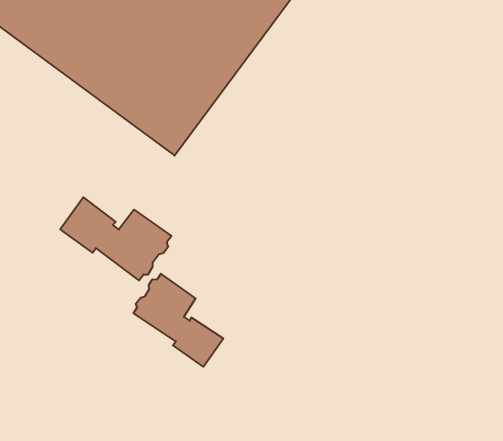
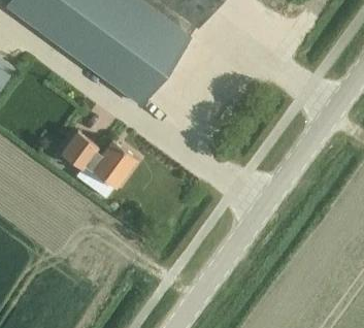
building: [134,274,223,367] -> none

